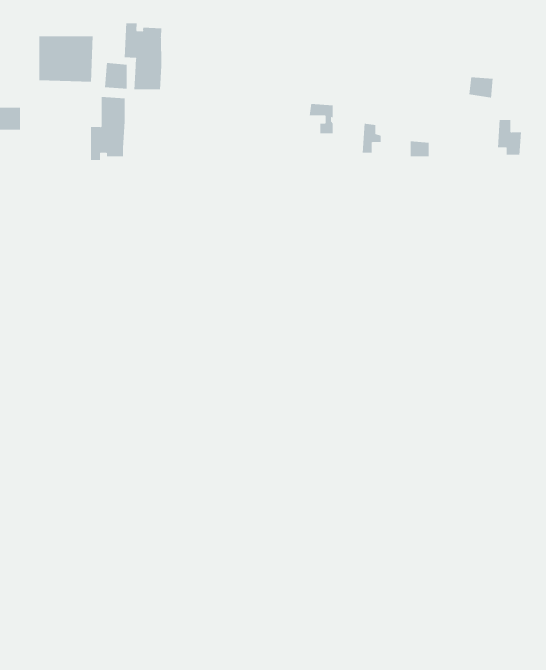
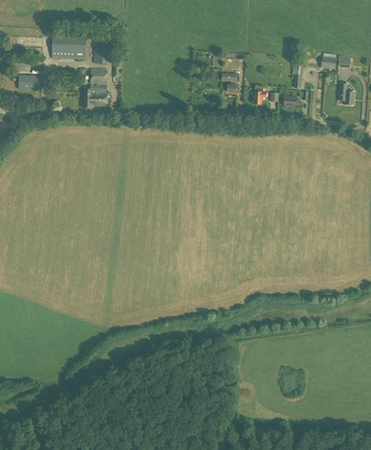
building: [124,22,162,90] -> none

